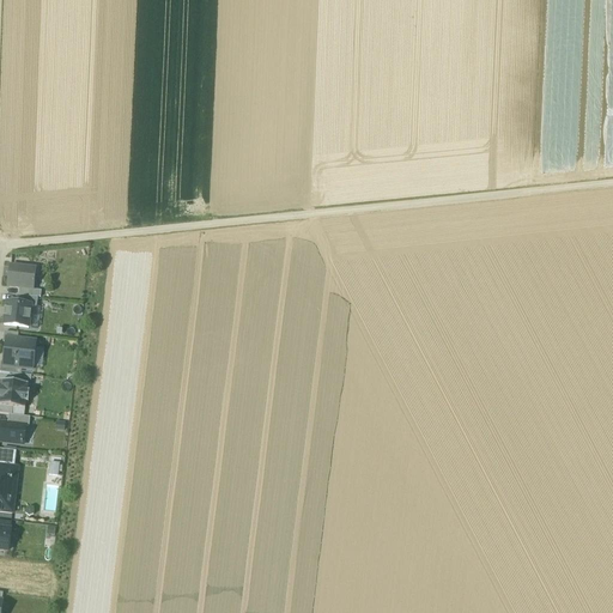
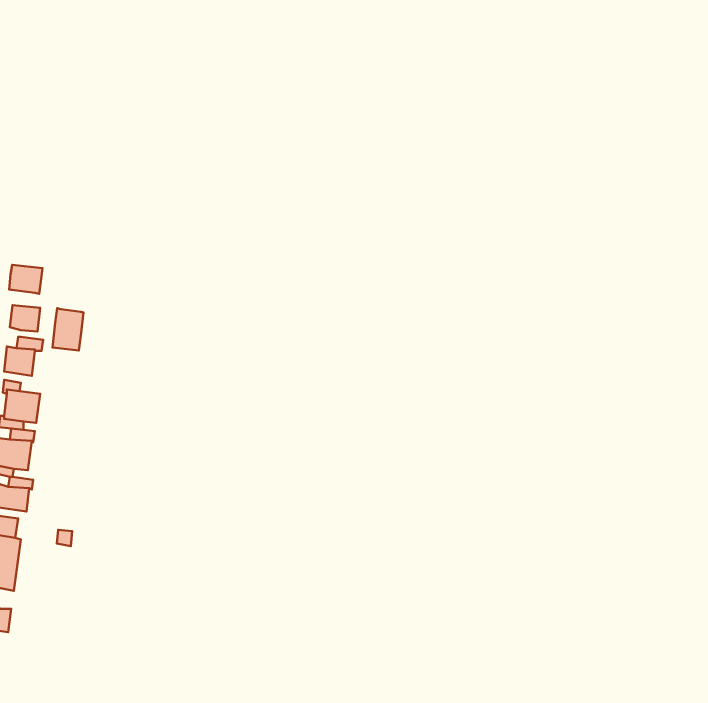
building: none -> [9,265,42,294]
building: none -> [52,308,83,350]

